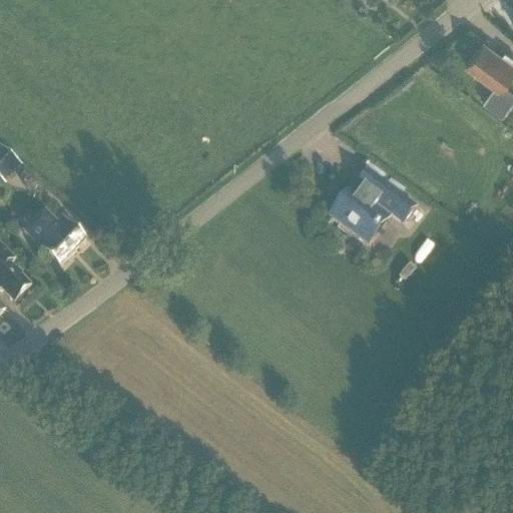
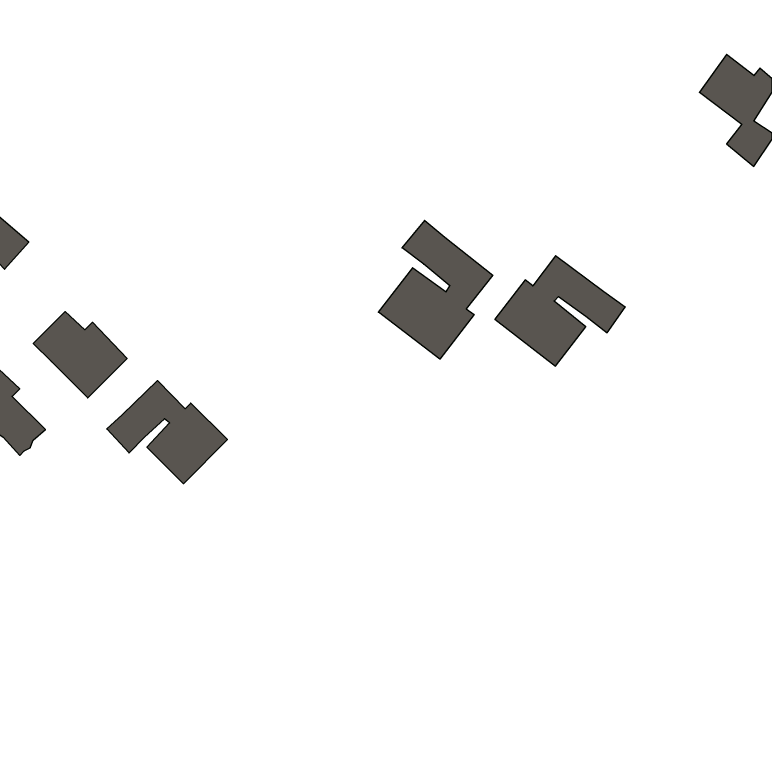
building: none -> [378,220,493,359]
building: none -> [107,381,227,484]

